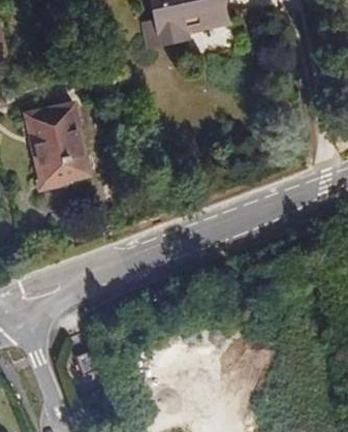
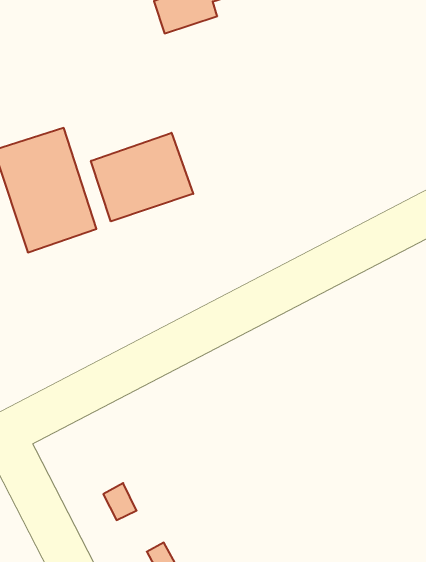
building: none -> [91,133,193,221]

